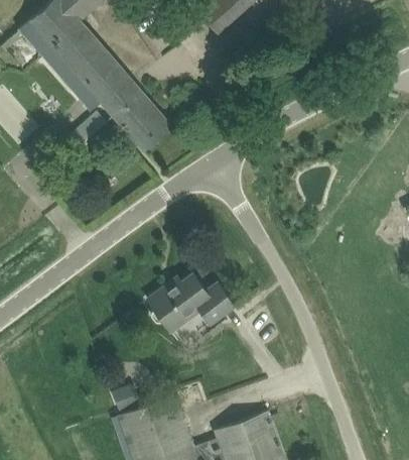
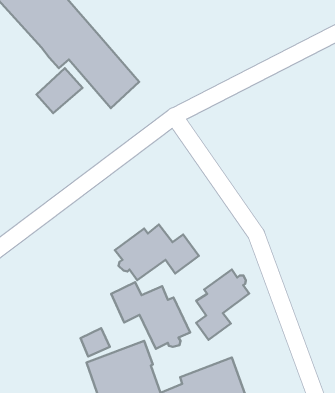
building: none -> [196,269,249,340]
building: none -> [111,282,190,349]

